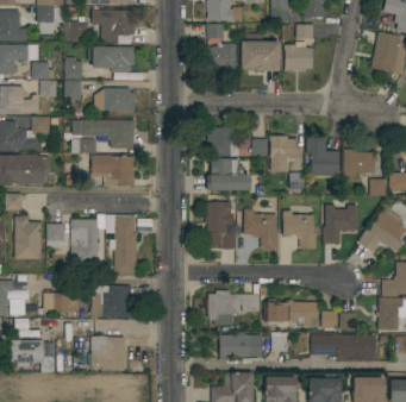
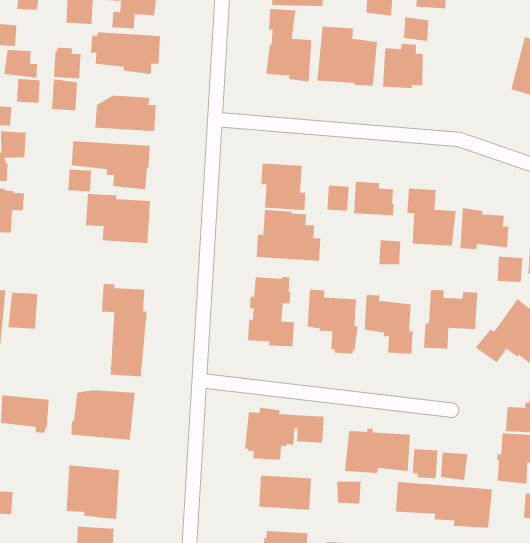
building: [70,220,99,260] -> none

